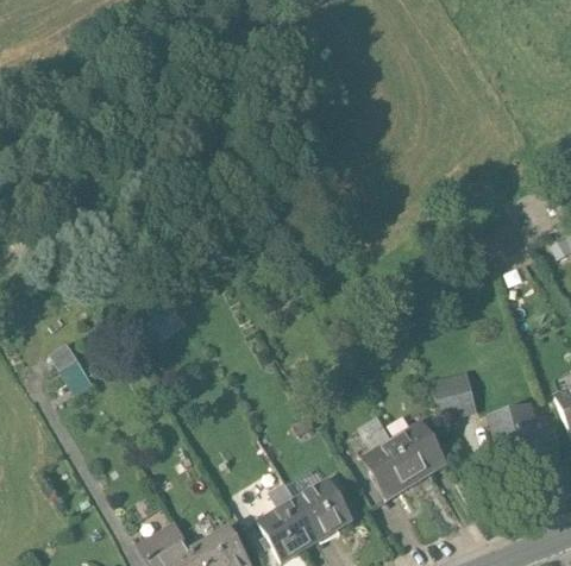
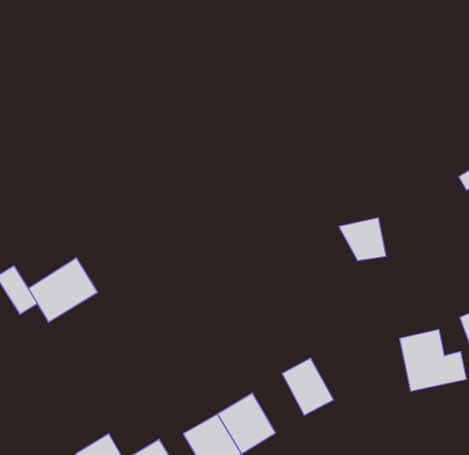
building: none -> [28,258,98,322]
building: [425,372,476,419] -> [339,218,386,261]
building: [391,420,448,483] -> none

